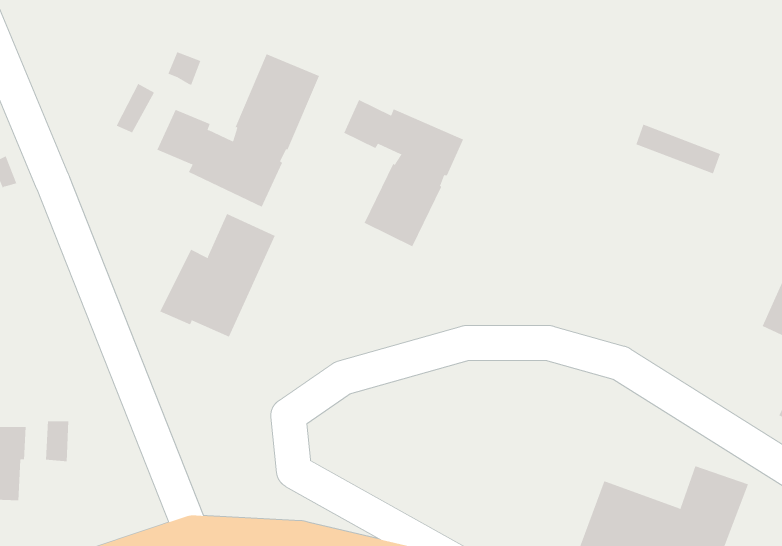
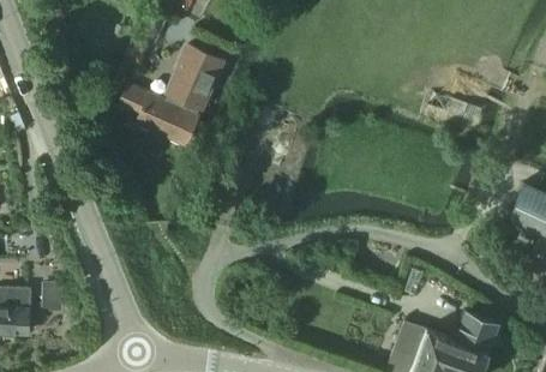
building: [343,99,464,247] -> none
building: [160,213,275,338] -> none

